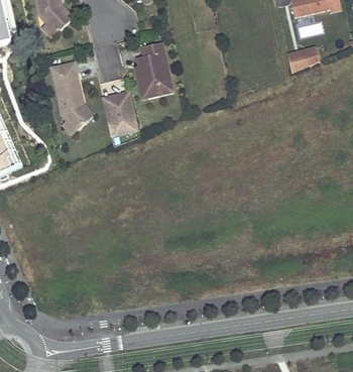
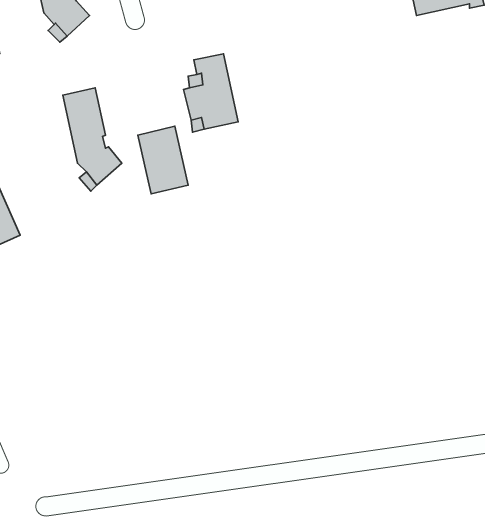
building: [286,48,318,72] -> none

